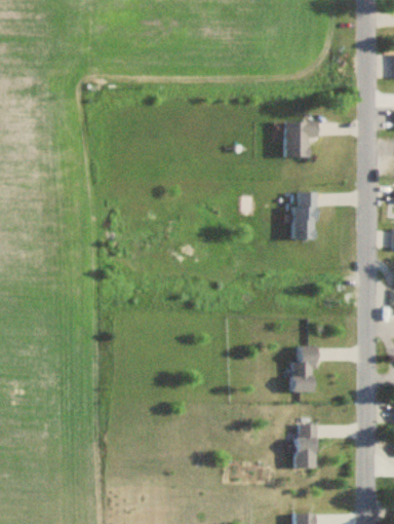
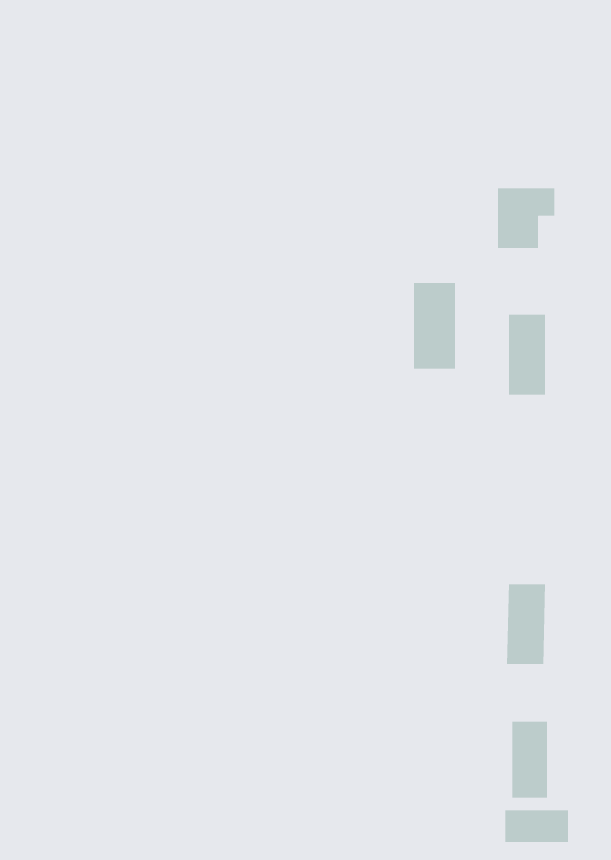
building: none -> [413,282,456,369]
building: none -> [504,810,569,843]

